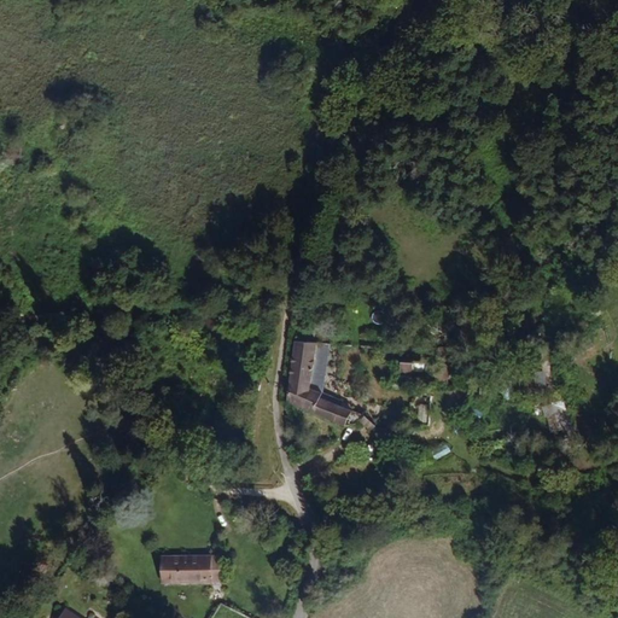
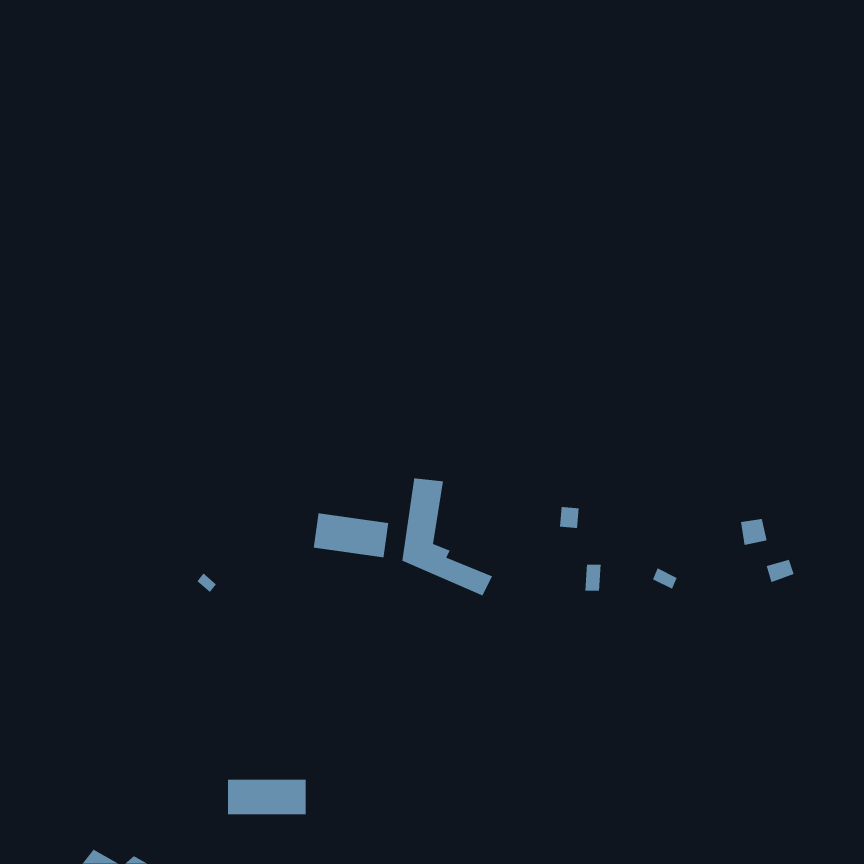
building: none -> [313,512,389,558]

